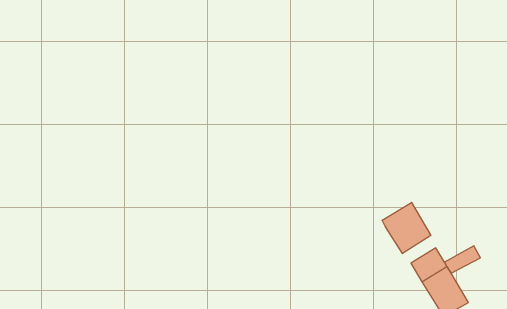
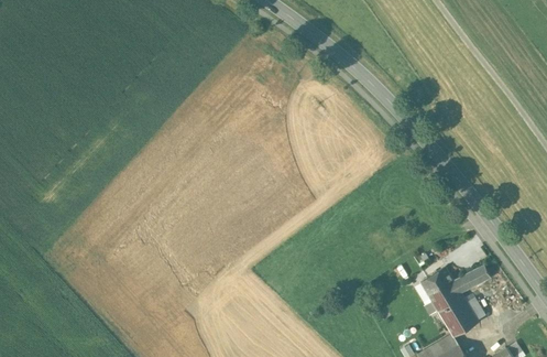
building: [382,202,431,254] -> none

